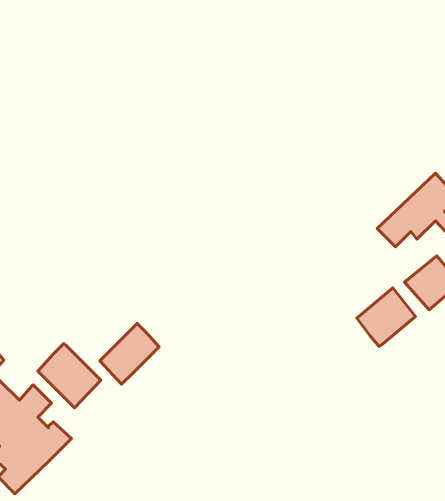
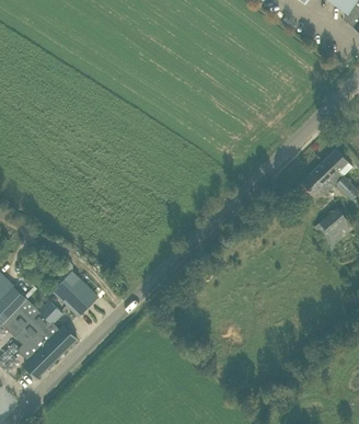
building: [357,288,415,347] -> none
building: [100,323,159,384] -> none

